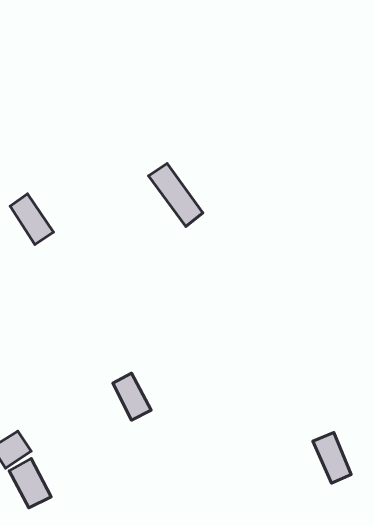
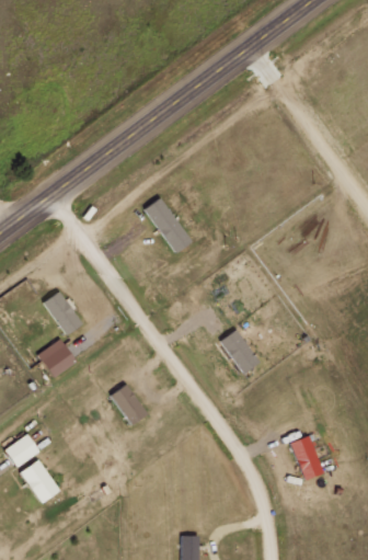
building: [10,194,53,244] -> [44,290,82,335]
building: none -> [221,330,257,374]
building: none -> [38,340,76,377]

